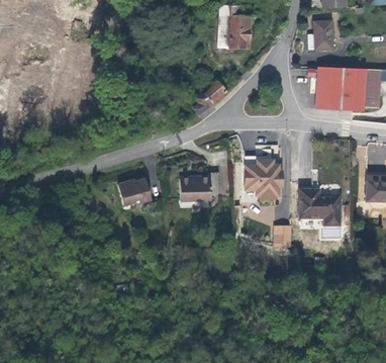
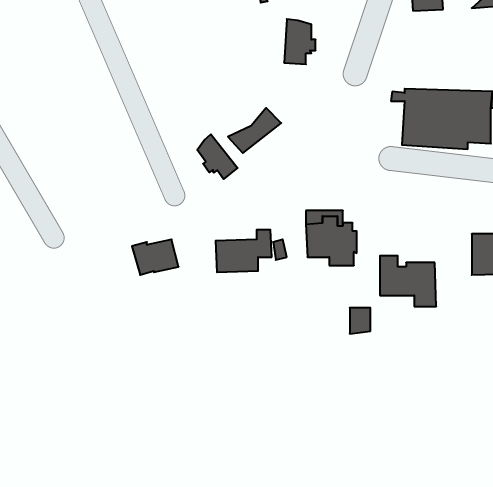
building: [314,23,332,50] -> none
building: none -> [197,134,238,179]

